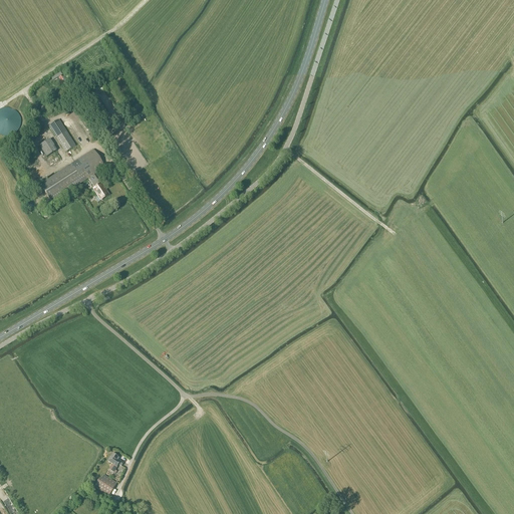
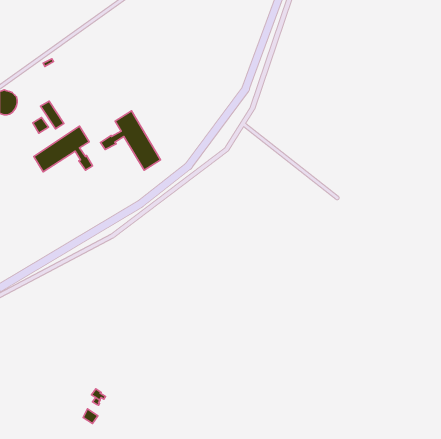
building: none -> [101,111,160,170]

